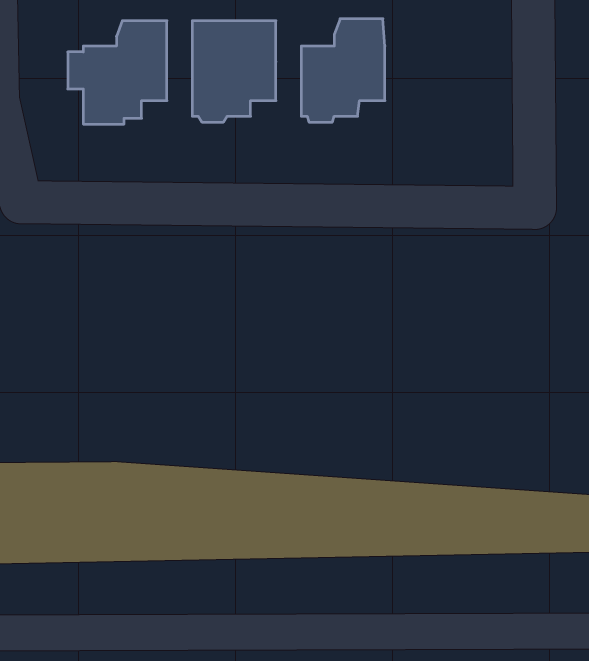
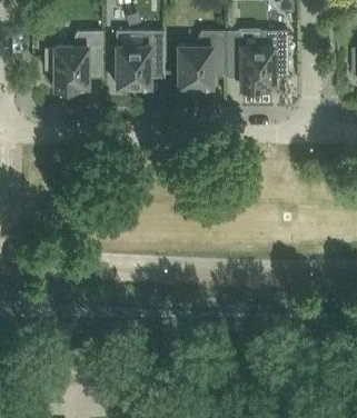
building: none -> [227,30,289,90]

